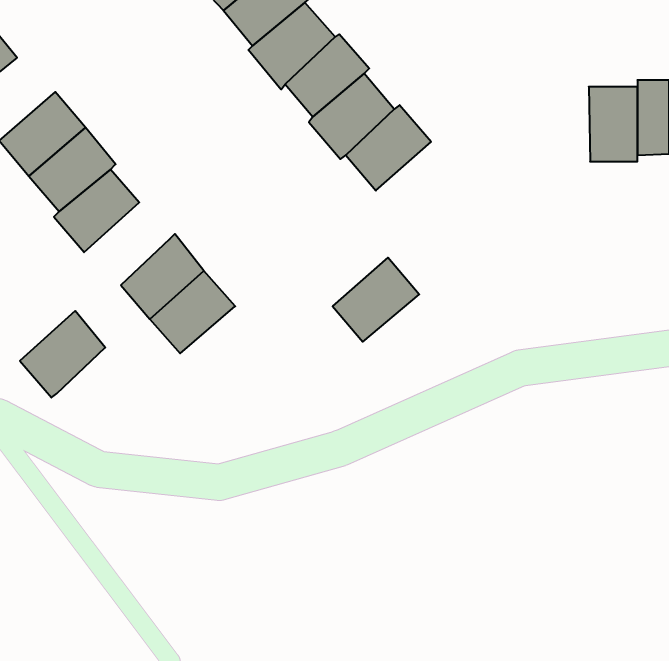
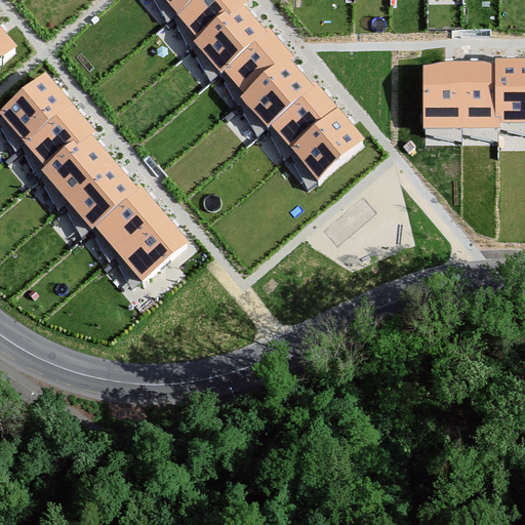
building: none -> [422,68,460,126]
building: [333,258,419,342] -> [293,111,361,176]
building: [20,311,105,398] -> [66,158,132,226]

